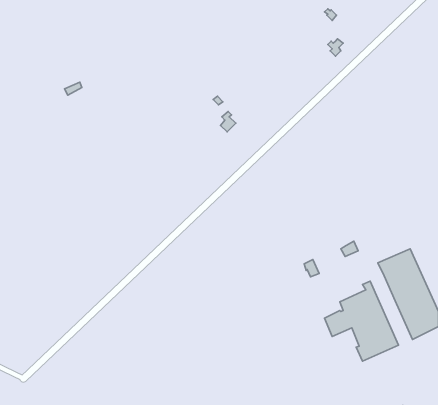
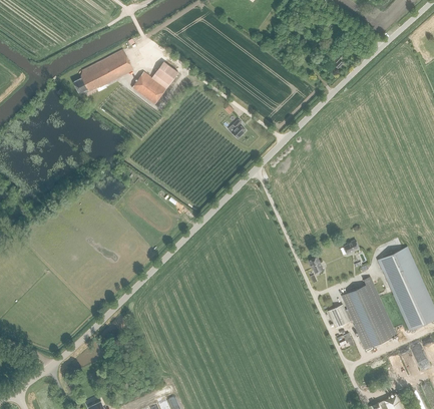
building: none -> [73,50,133,93]
building: none -> [132,61,178,104]

